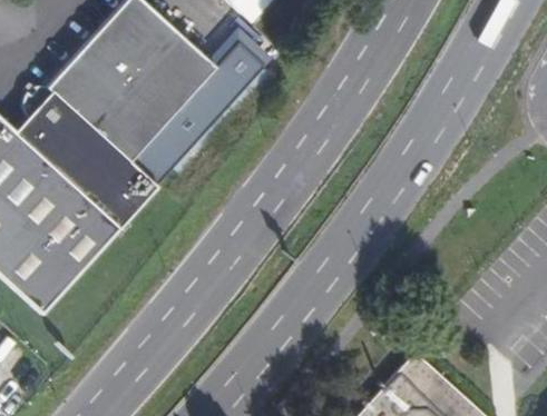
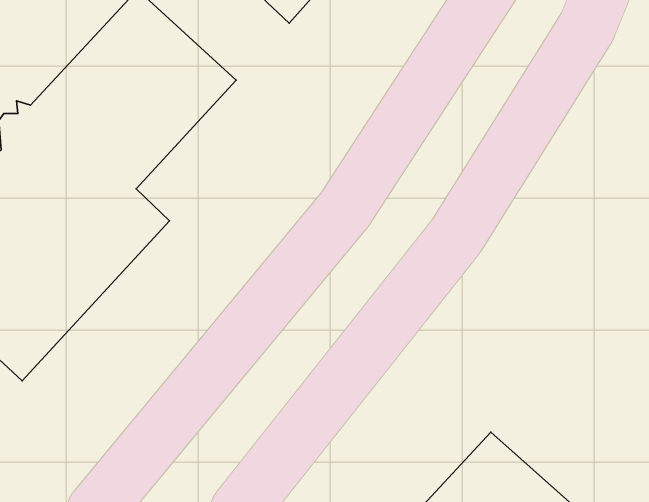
building: [130,33,274,182] -> none

